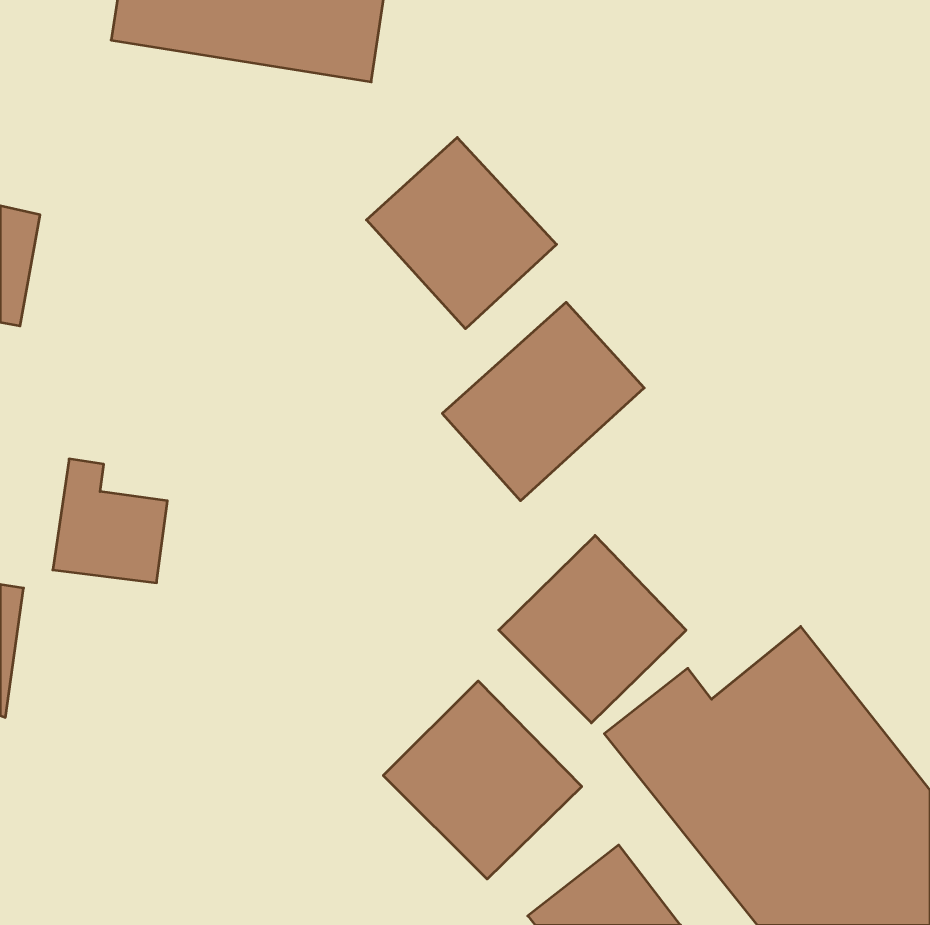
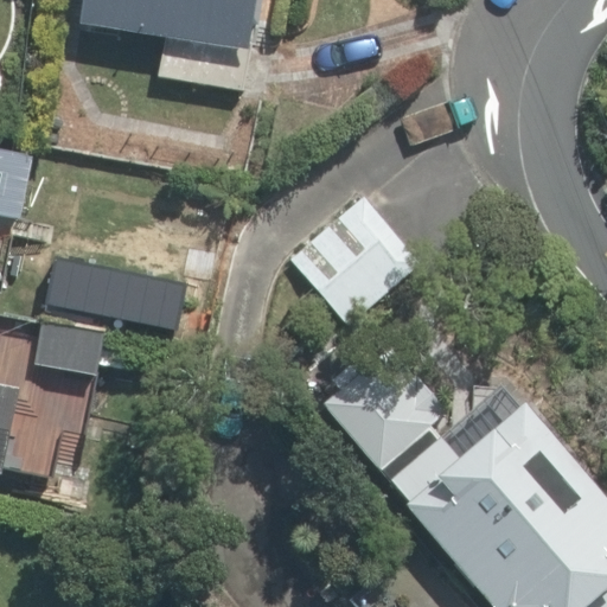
building: [366,137,557,329] -> none
building: [383,681,582,879] -> none

